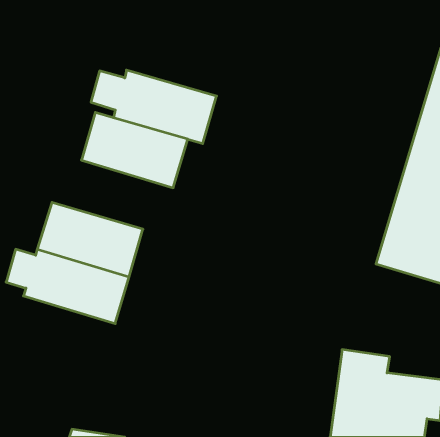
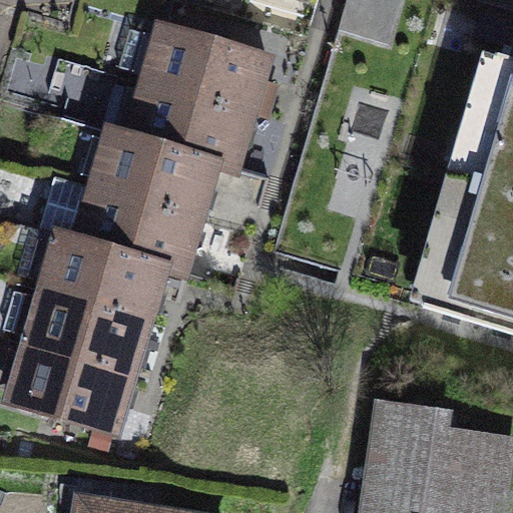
building: none -> [125,25,271,111]
building: none -> [42,174,203,272]
building: none -> [14,343,136,429]

